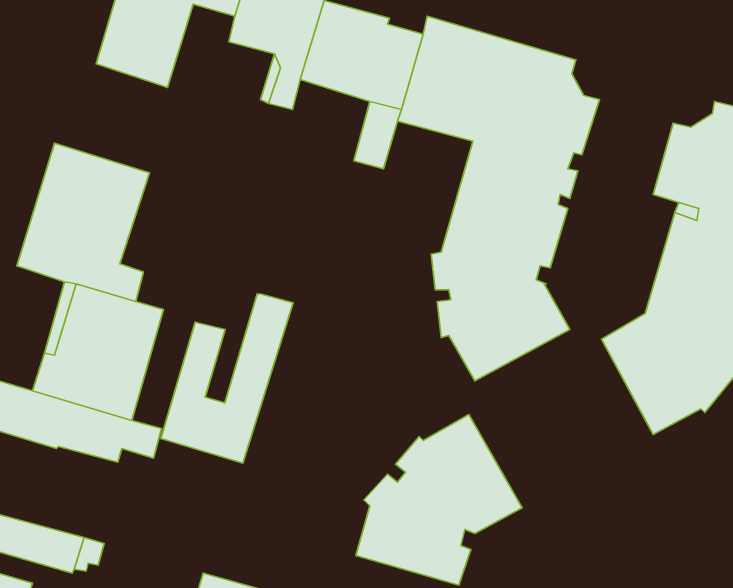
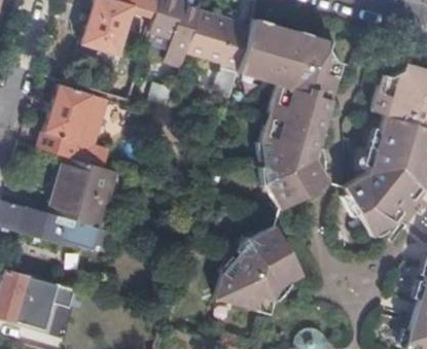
building: [161,294,293,463] -> none

